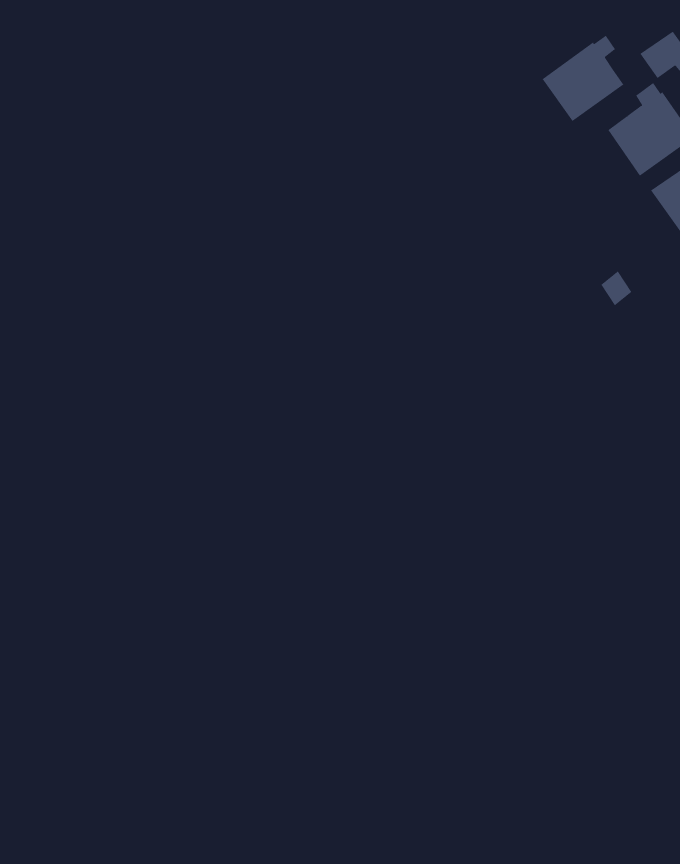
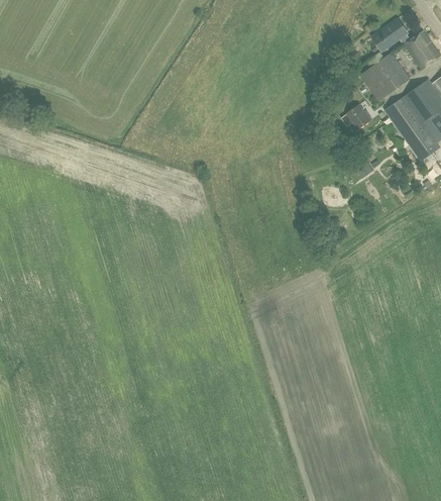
building: [542,35,624,122] -> none
building: none -> [341,104,370,129]

